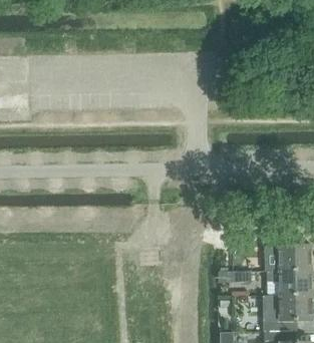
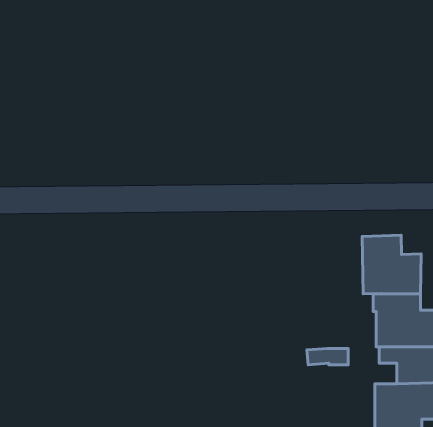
building: none -> [362,235,421,294]

